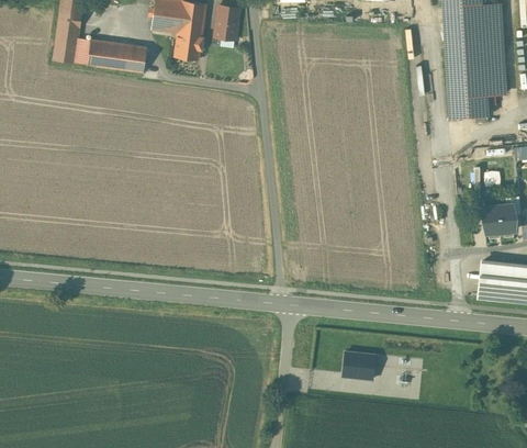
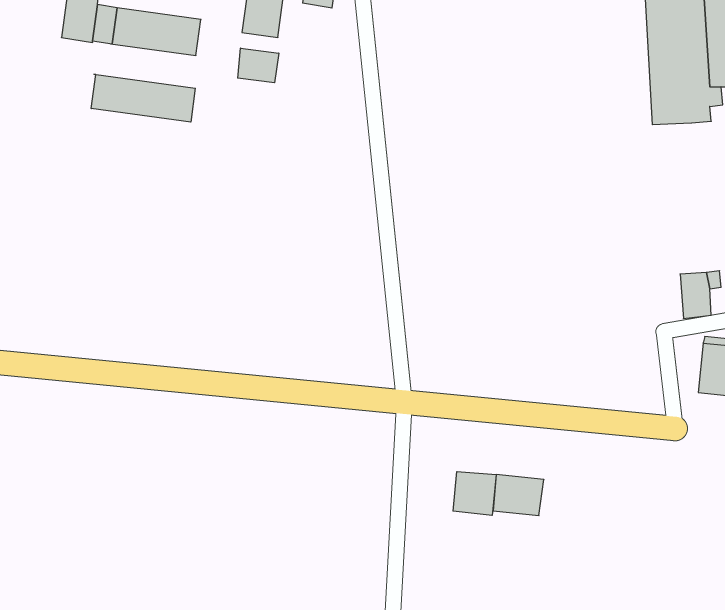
building: none -> [238,48,279,83]
building: none -> [91,74,195,122]
building: none -> [453,472,496,515]

